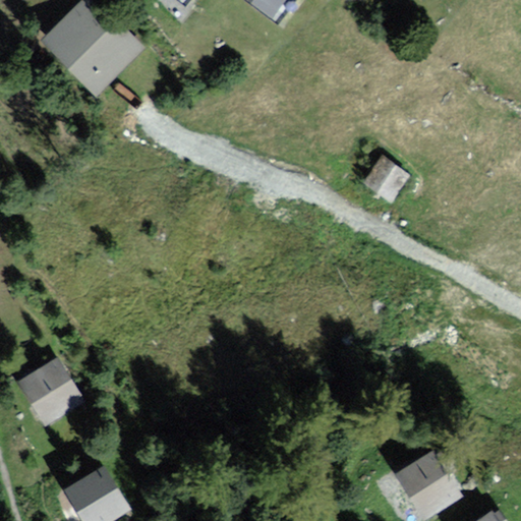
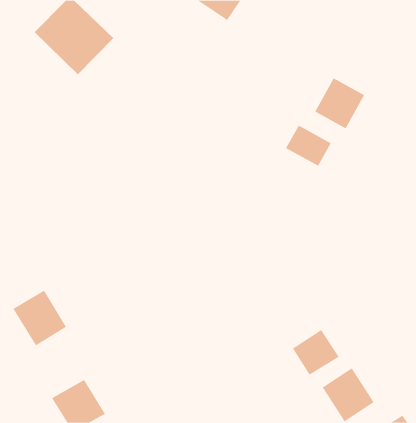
building: none -> [315,77,365,129]
building: none -> [292,329,339,376]

